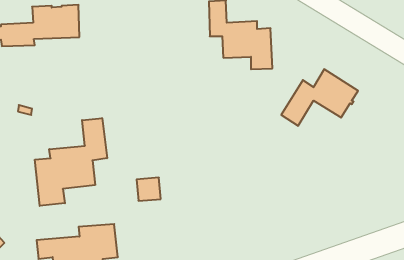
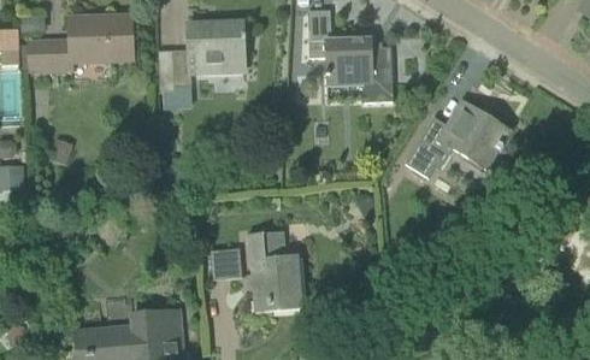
building: none -> [158,22,244,108]
building: [35,118,107,206] -> none
building: none -> [247,230,301,312]

